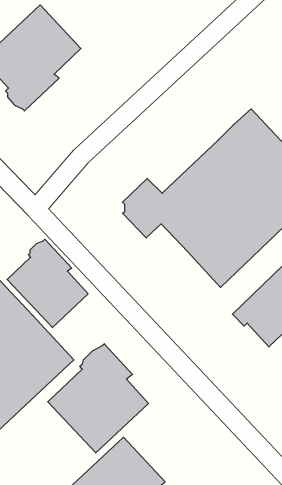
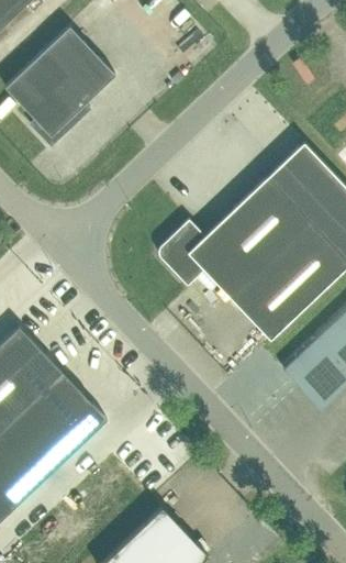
building: [7,239,88,328] -> none
building: [48,344,148,453] -> none

